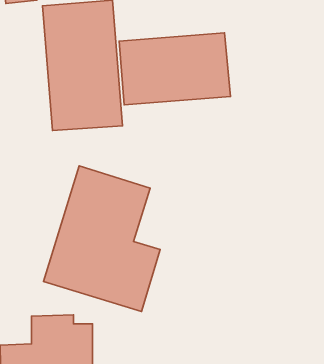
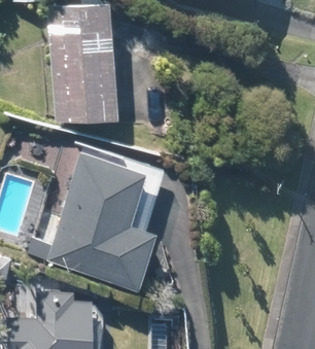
building: [119,33,230,105] -> none

